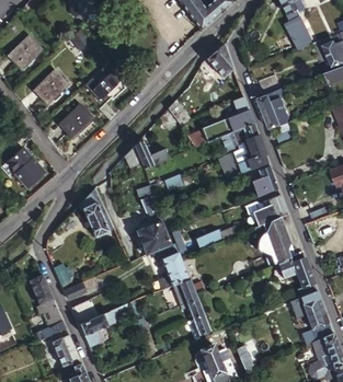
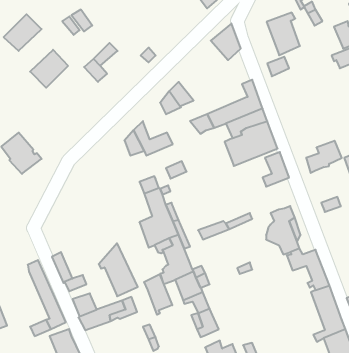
building: [256,90,288,130] -> [267,13,300,55]
building: [57,104,92,138] -> none
building: [75,186,112,236] -> [99,243,138,296]
building: [252,195,286,225] -> [306,141,342,173]
building: none -> [144,274,172,315]

